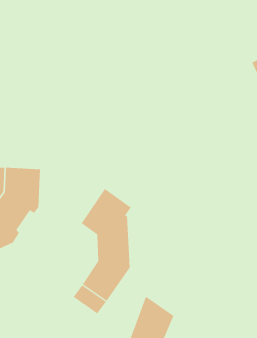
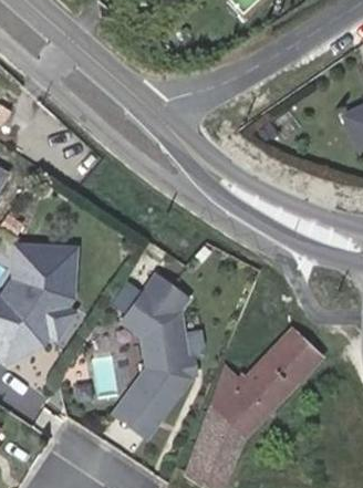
building: none -> [208,329,321,437]

